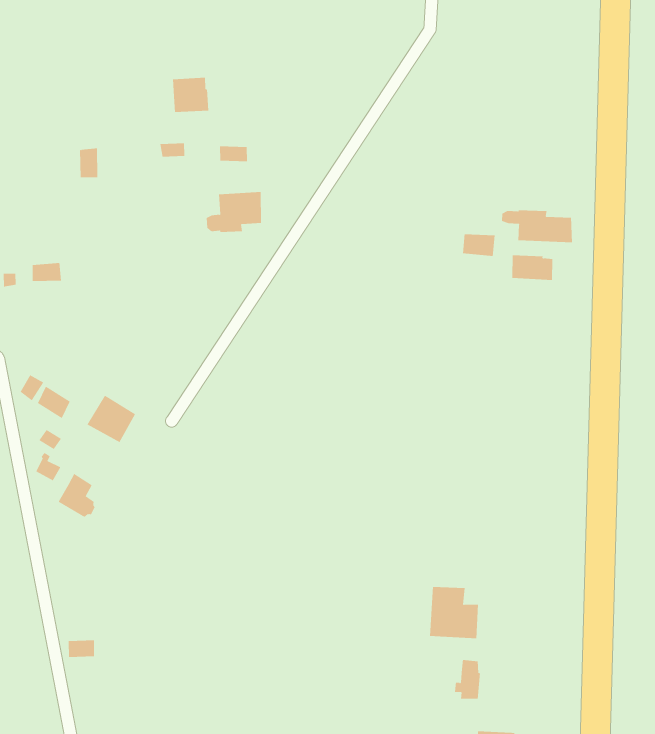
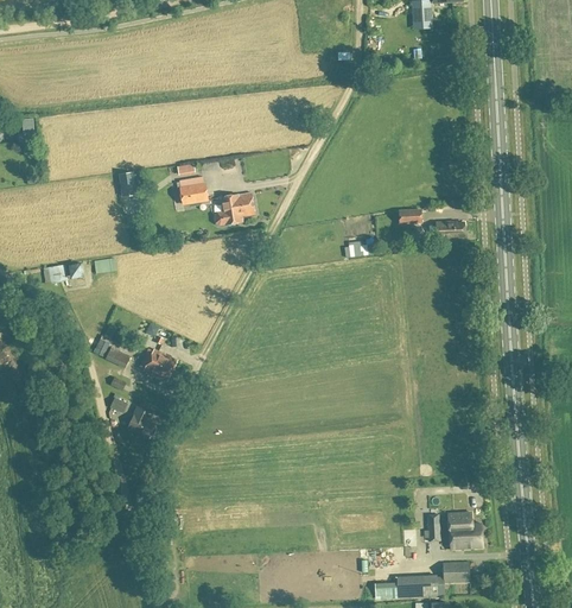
building: [172,77,209,113] -> [178,176,206,203]
building: [501,210,572,243] -> none
building: [429,586,479,639] -> [447,512,483,549]

